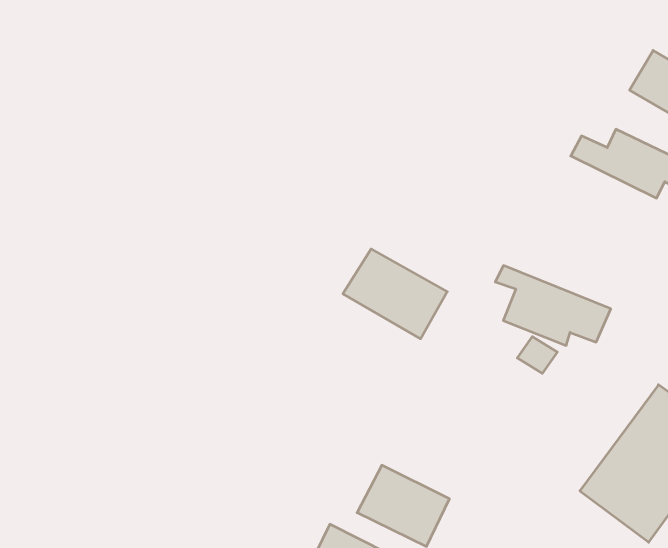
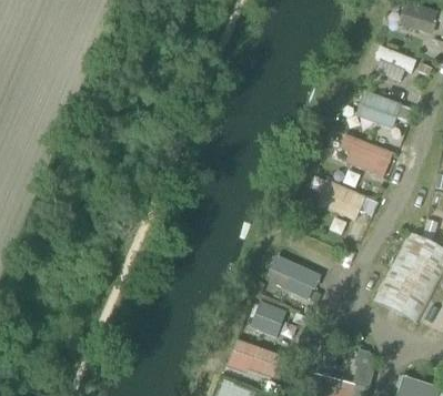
building: none -> [341,135,395,176]
building: [343,249,447,339] -> [264,255,323,302]

